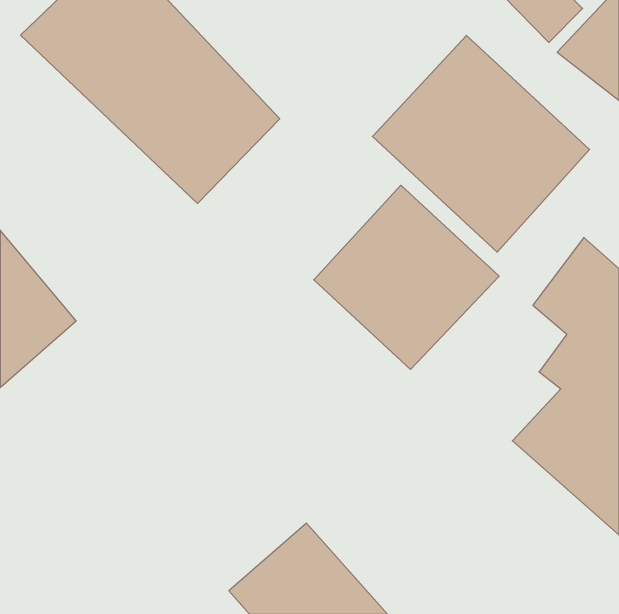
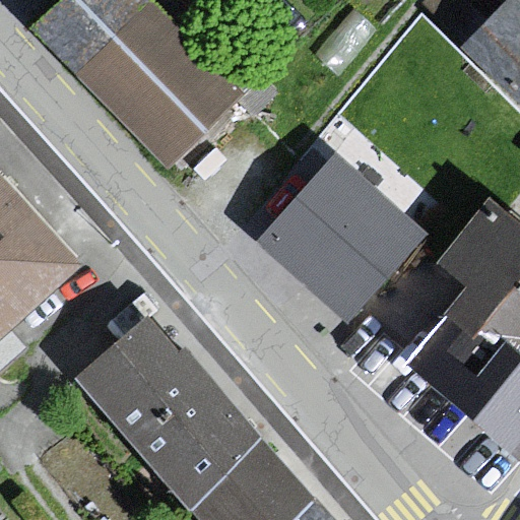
building: [372,35,590,252] -> none
building: none -> [90,320,257,496]

